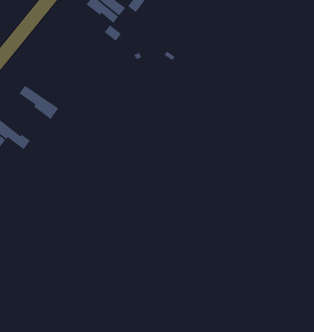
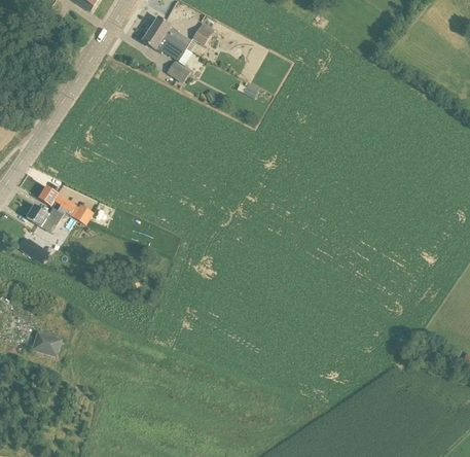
building: [19,85,59,120] -> none

